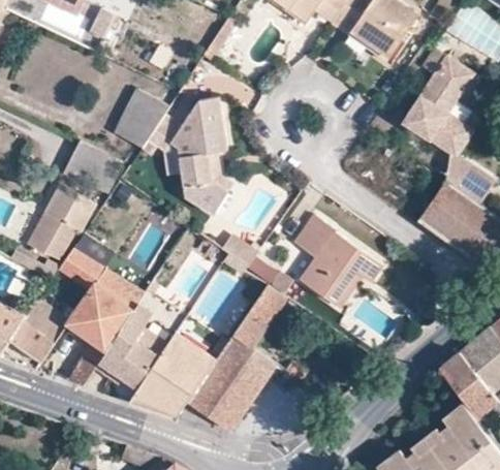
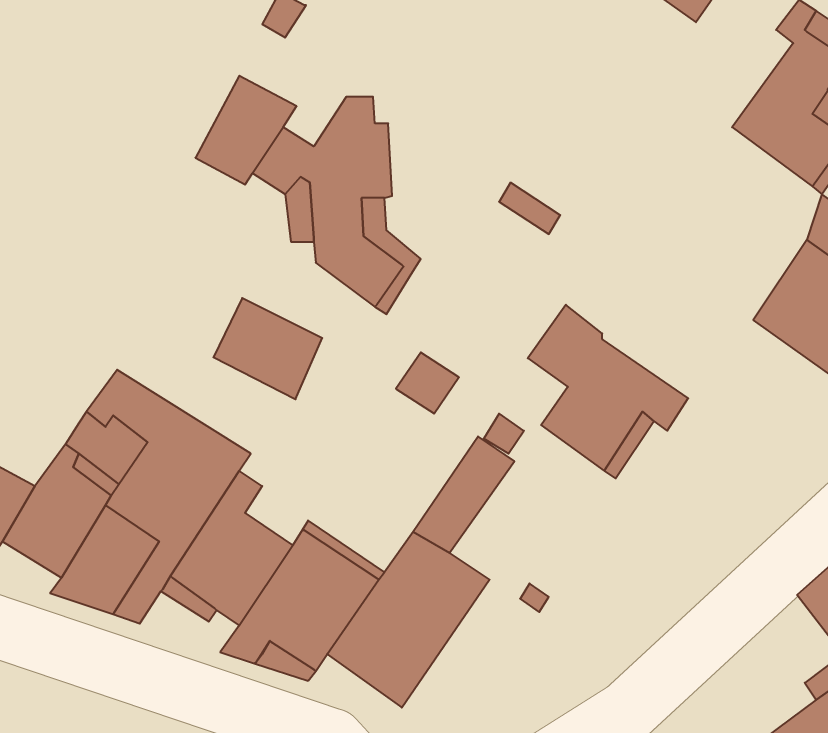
building: [64,139,123,194] -> [213,298,322,399]
building: [45,185,94,229] -> none
building: [29,216,75,259] -> none

